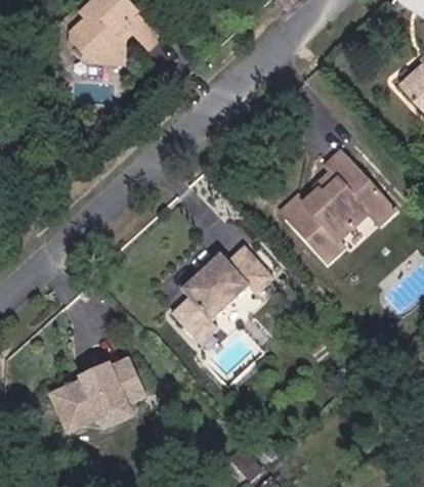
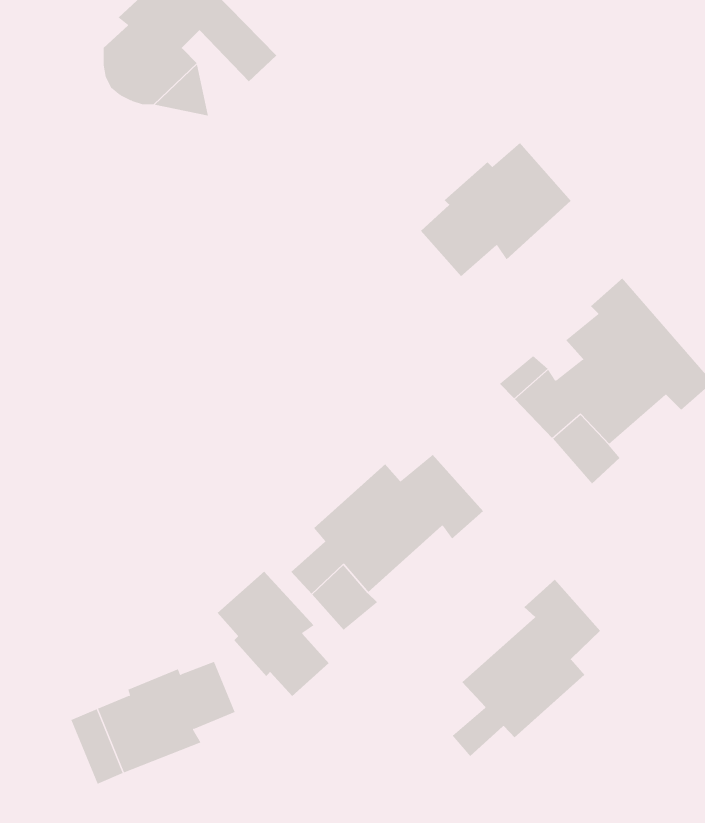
building: none -> [420,142,571,277]
building: none -> [217,571,330,697]
building: none -> [452,579,601,757]

